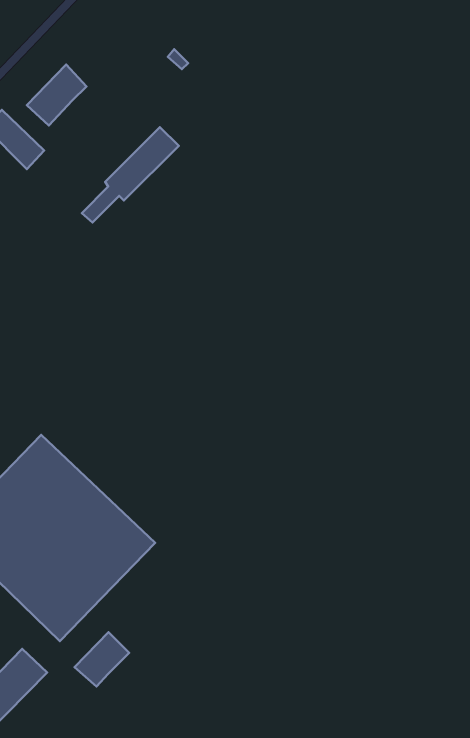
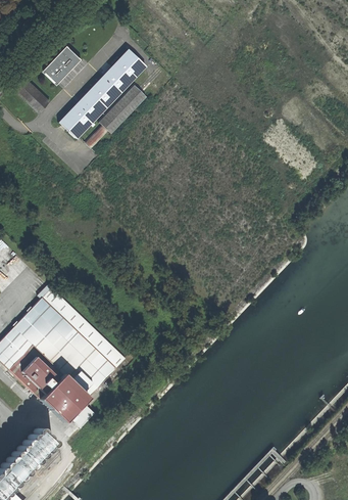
building: none -> [52,51,140,139]
building: [74,632,129,687] -> none

